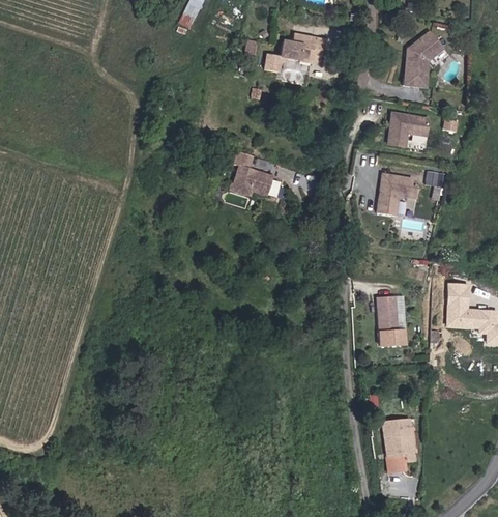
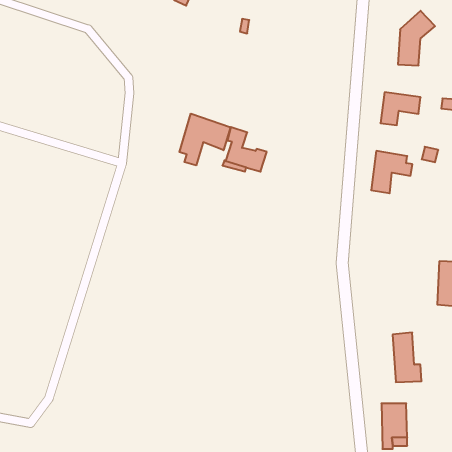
building: [264,33,323,70] -> none
building: none -> [179,114,230,165]
building: [377,294,406,344] -> [393,333,422,382]

